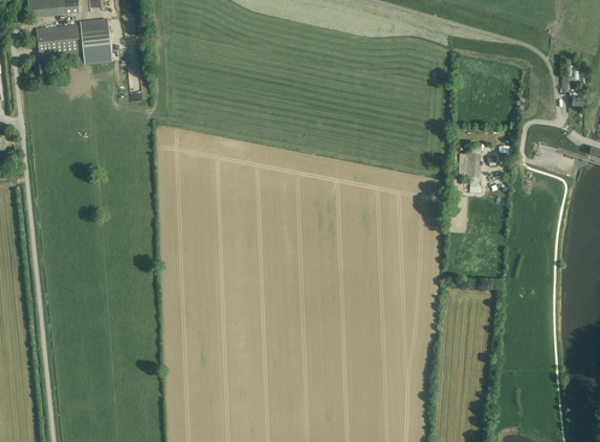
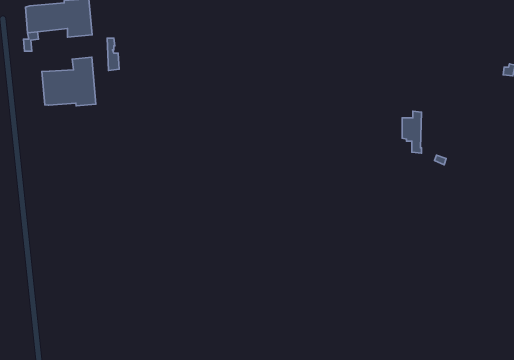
building: none -> [42,57,96,106]

